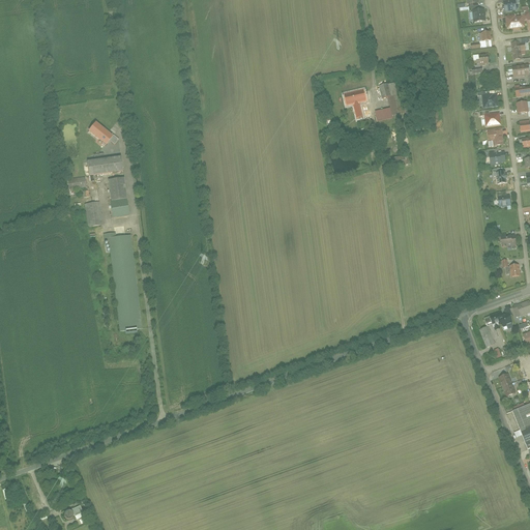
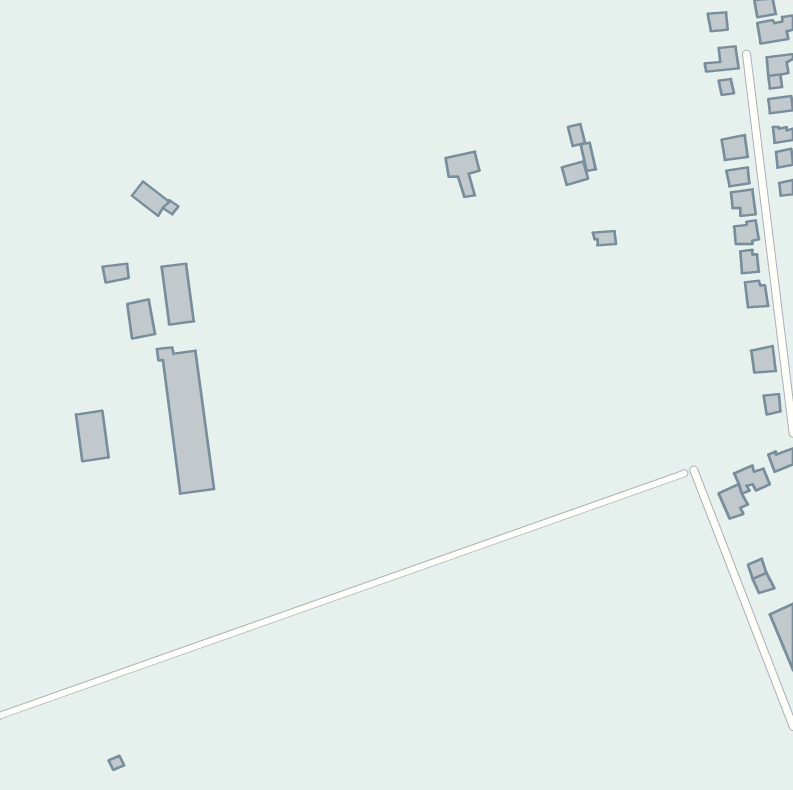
building: [345,89,367,119] -> [446,152,480,197]
building: [87,155,122,174] -> none
building: none -> [76,411,108,461]

